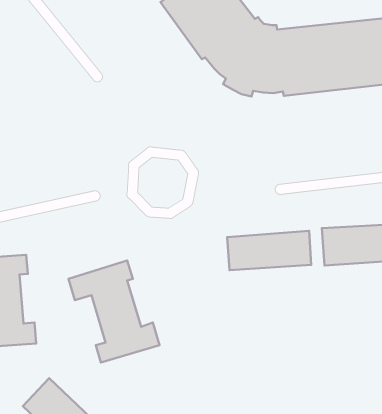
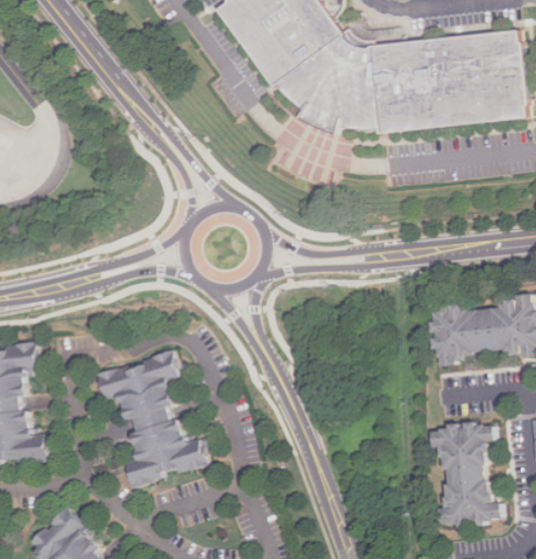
building: [227,231,311,270] -> none
building: none -> [430,419,488,520]

